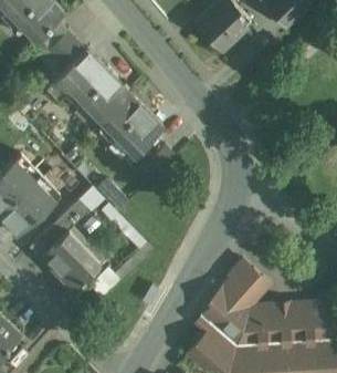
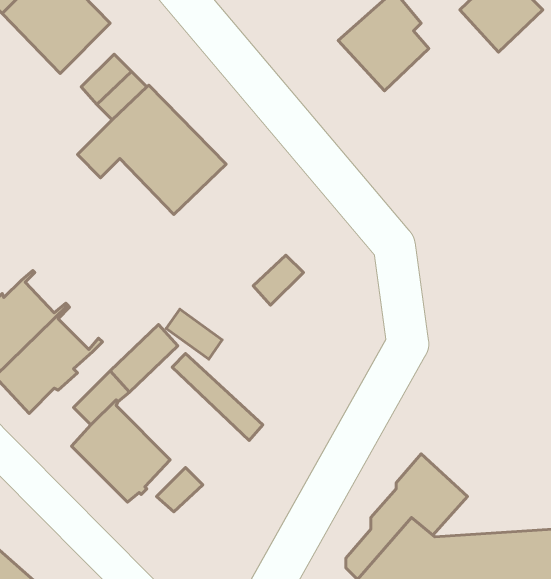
building: [101,95,164,158] -> none

